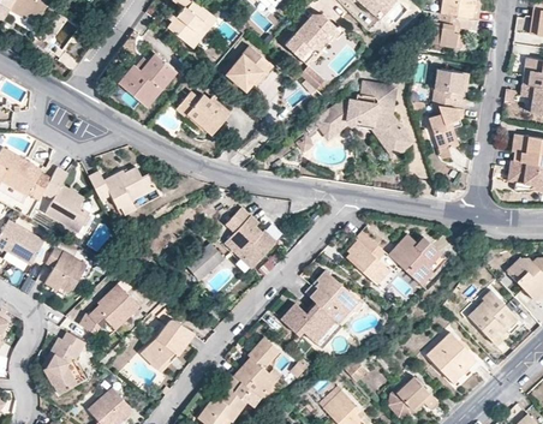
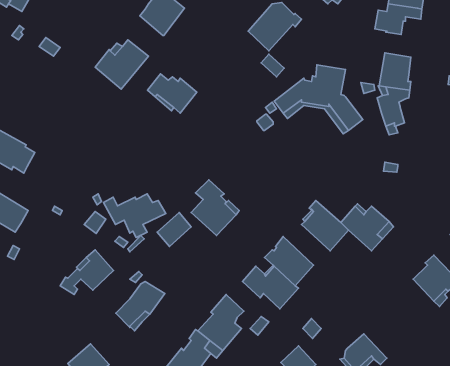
building: [225,46,272,91] -> none
building: [43,167,90,233] -> none
building: [88,167,156,215] -> [103,194,166,238]
building: [44,247,86,292] -> none
building: [43,332,85,394] -> none
building: [425,333,481,387] -> none

